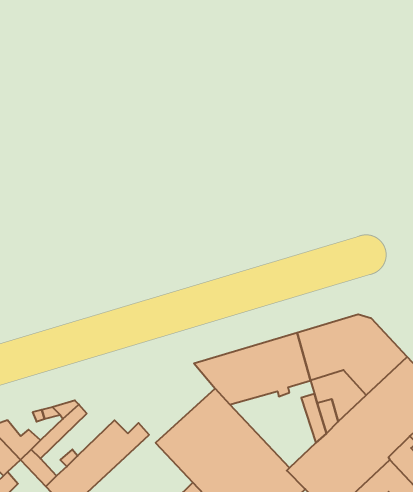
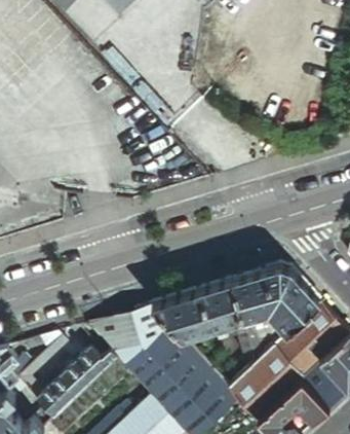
building: none -> [85,302,168,364]

